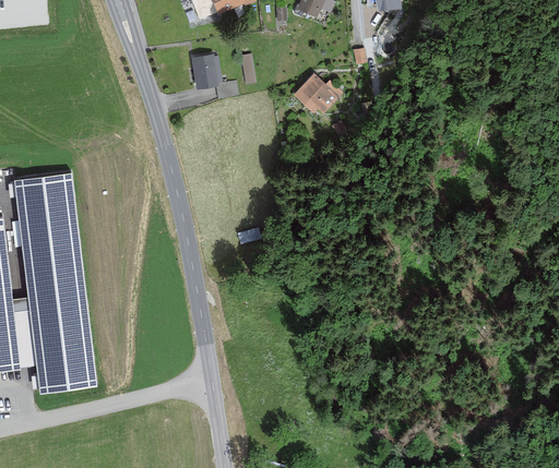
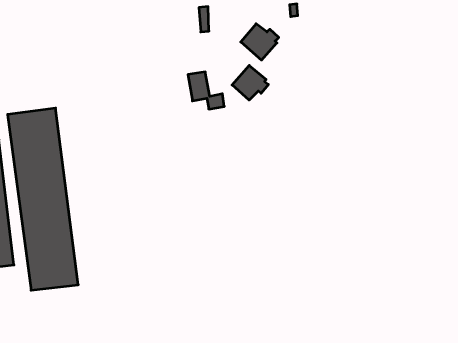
building: [192,53,236,98] -> [188,72,224,109]
building: none -> [232,65,268,100]

